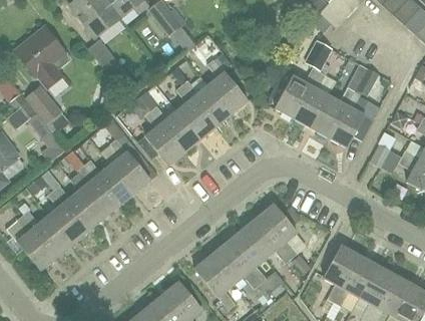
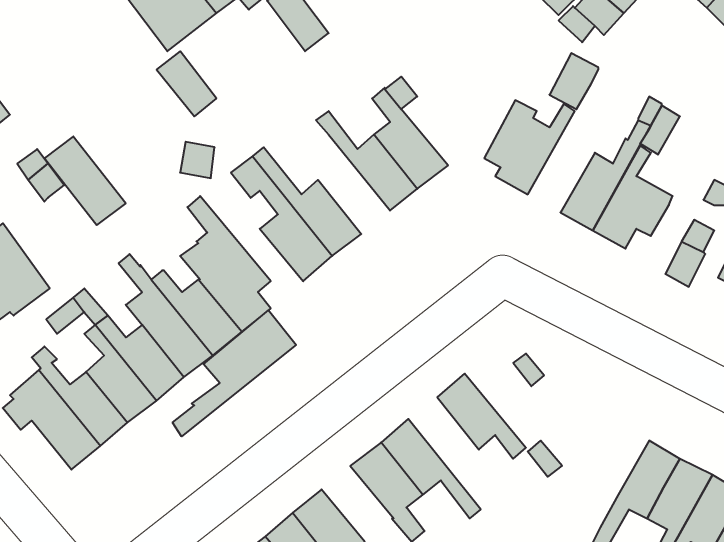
building: [14,25,66,89] -> none
building: [293,71,330,127] -> none
building: [175,84,217,139] -> none
building: none -> [173,310,296,436]
building: [258,204,304,258] -> none
building: [227,230,275,293] -> none
building: [323,244,360,302] -> none

